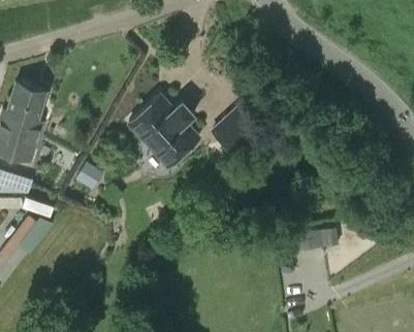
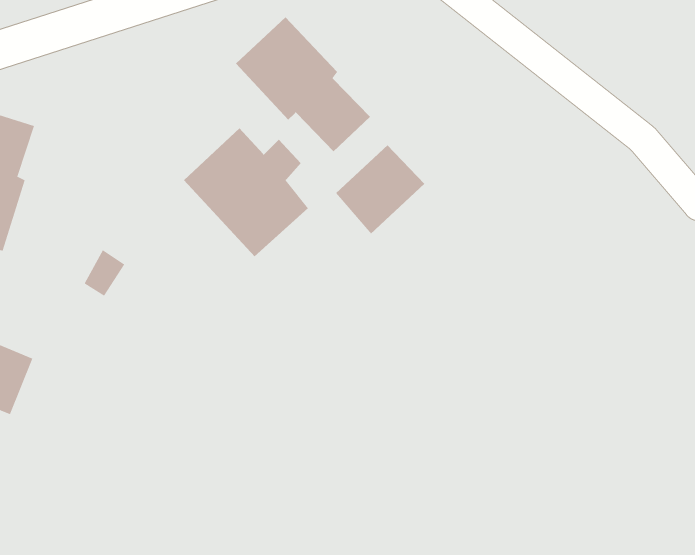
building: none -> [235,17,371,152]
building: [291,227,338,248] -> none

